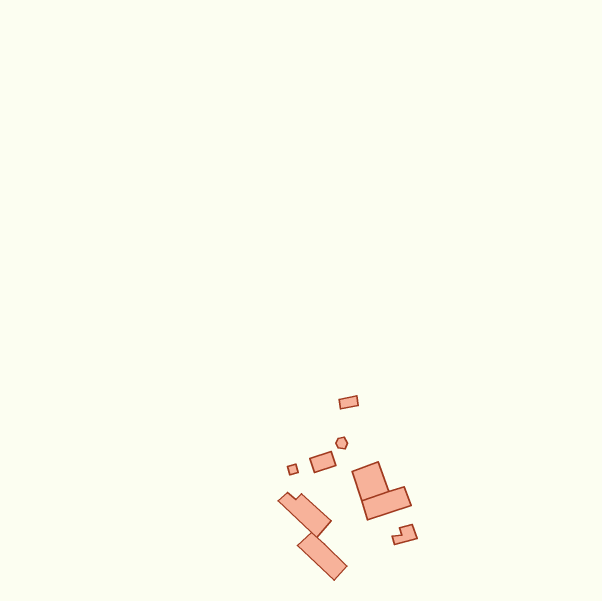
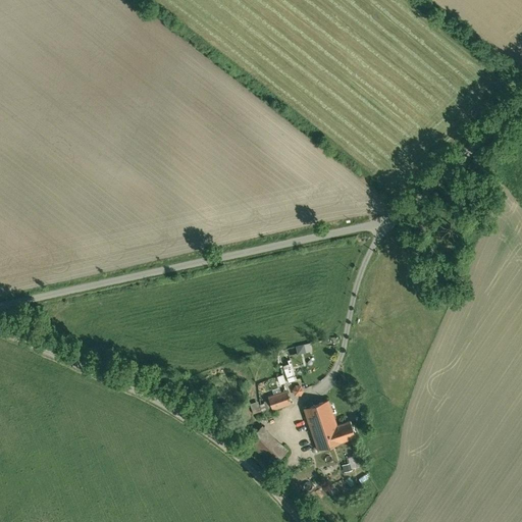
building: [298,532,347,580] -> none

